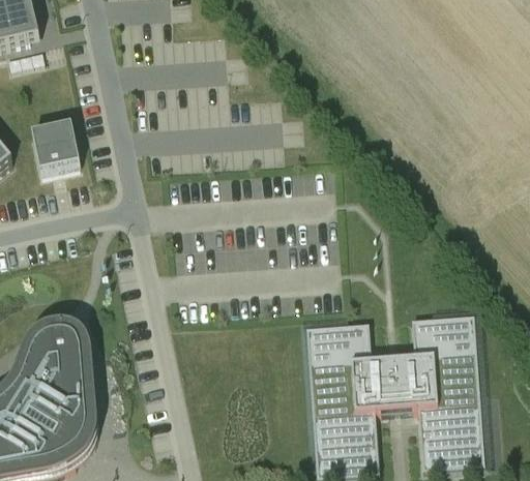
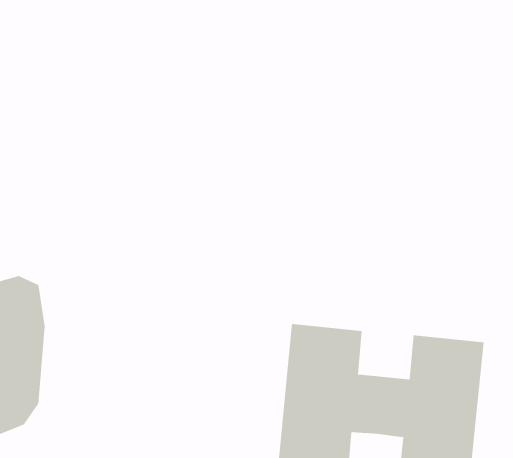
building: [32,123,79,169] -> none

